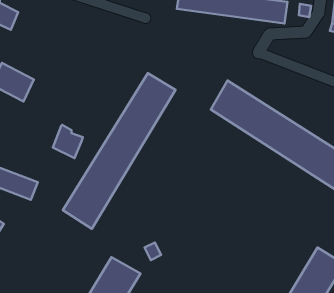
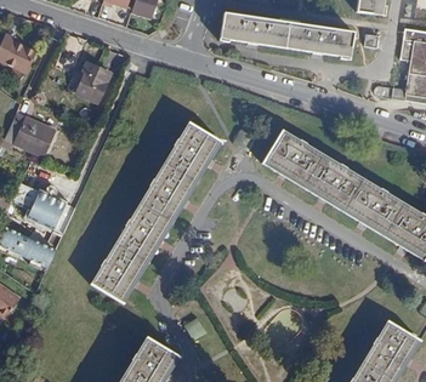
building: none -> [70,57,112,99]
building: [53,125,83,158] -> [28,188,63,227]

